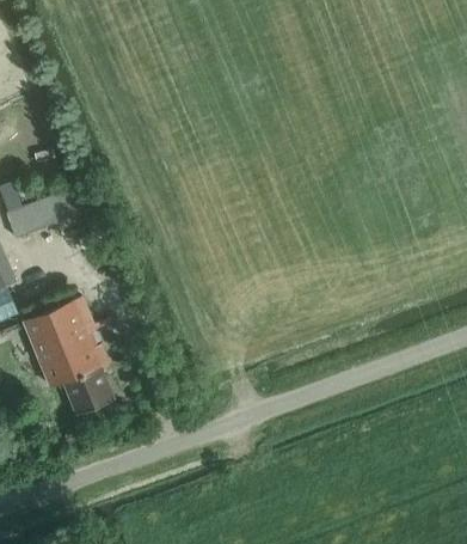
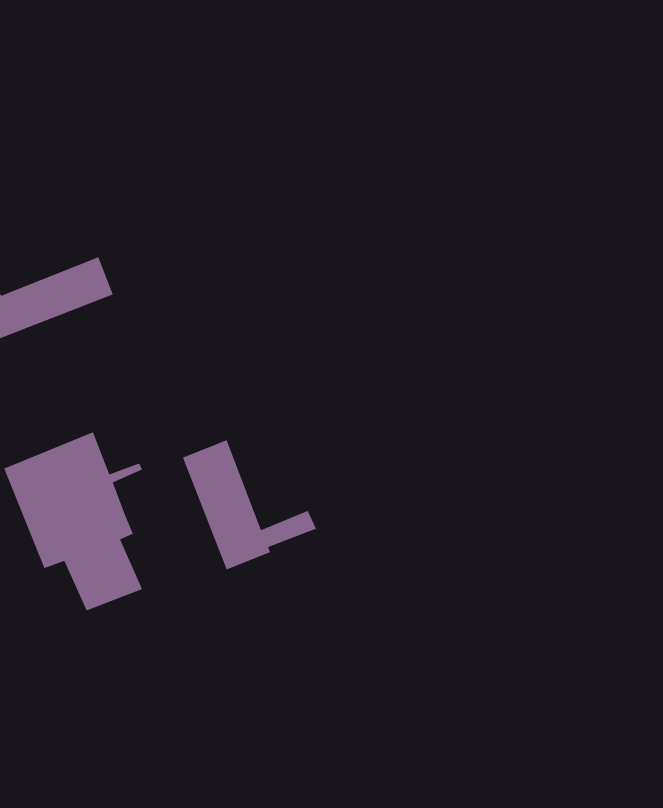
building: none -> [182,439,317,570]

